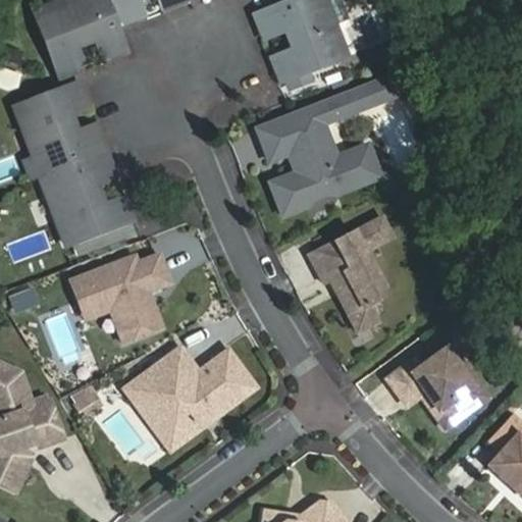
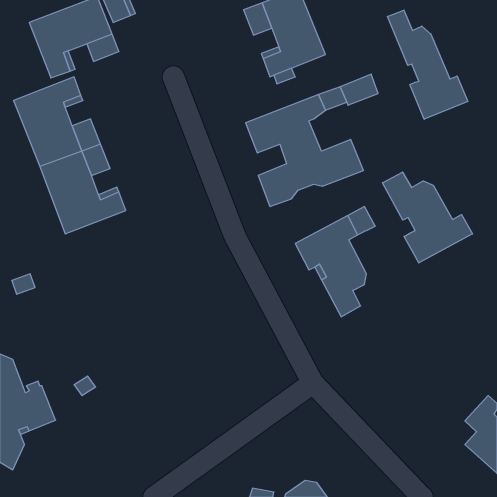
building: none -> [388,10,468,119]
building: none -> [382,172,473,263]
building: [70,254,166,343] -> none
building: [122,347,254,429] -> none
building: [386,348,482,427] -> none

